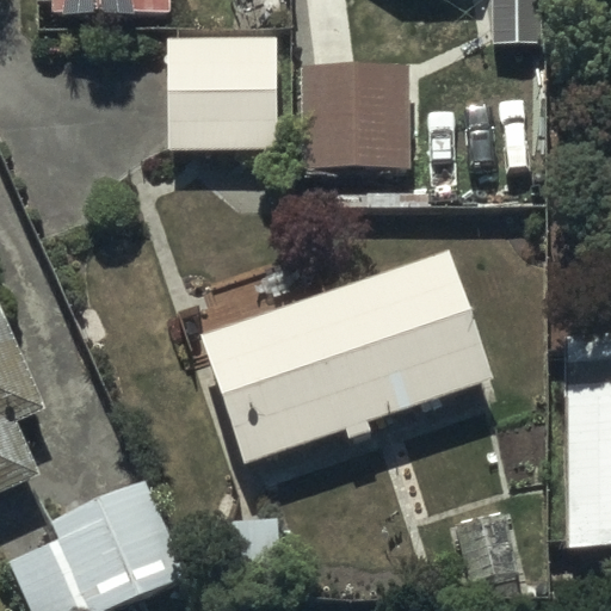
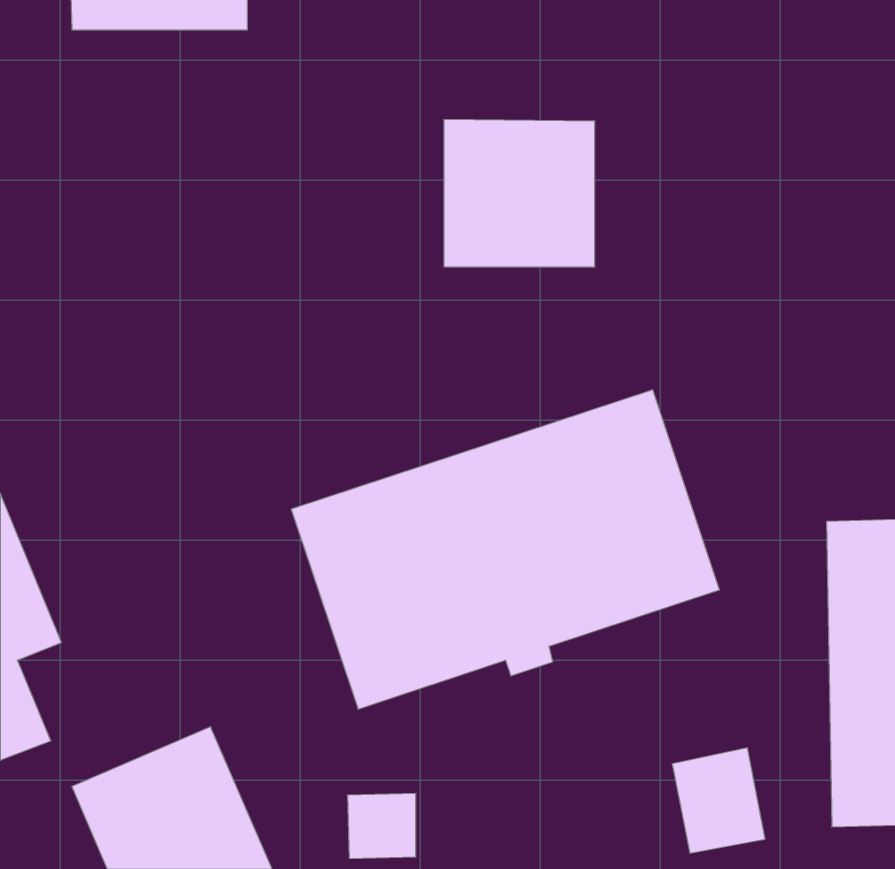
building: [168,50,278,166] -> none

